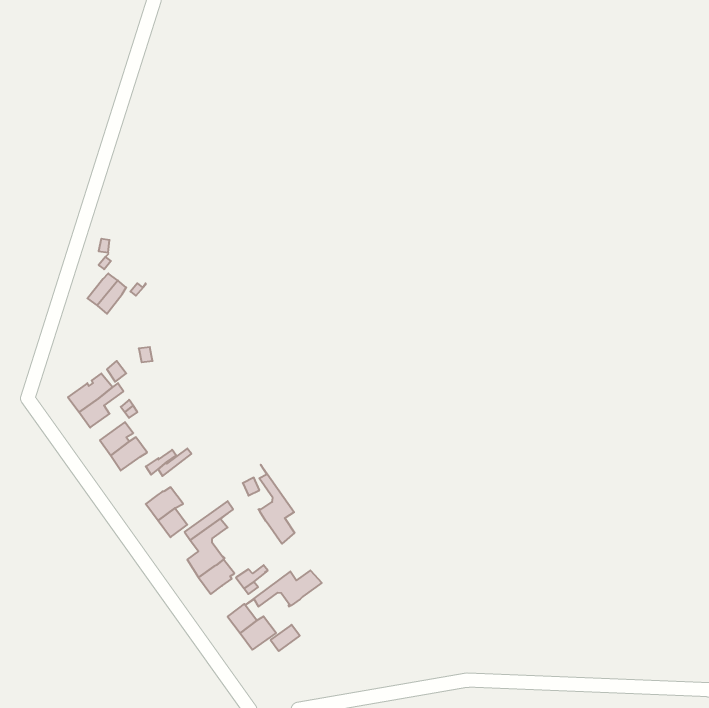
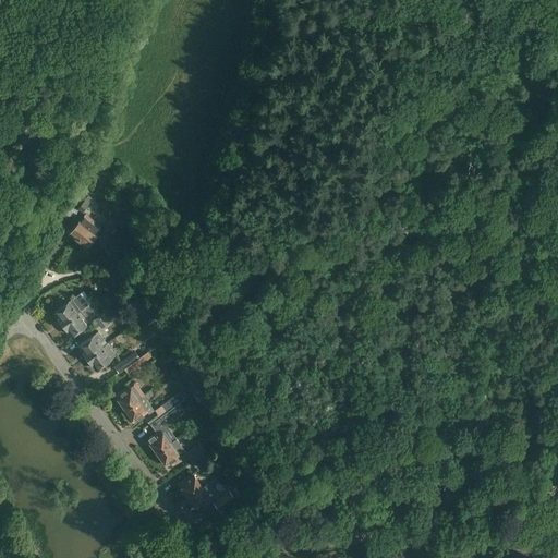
building: [258,465,295,544] -> none
building: [245,570,322,607] -> none

